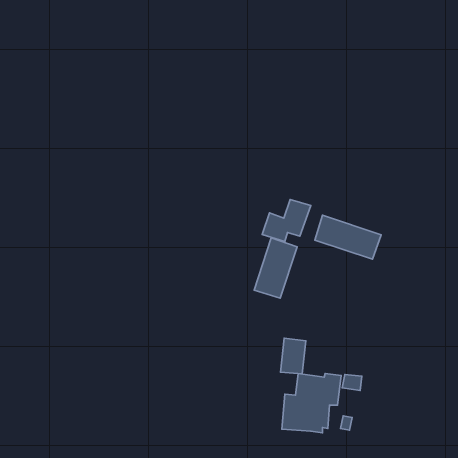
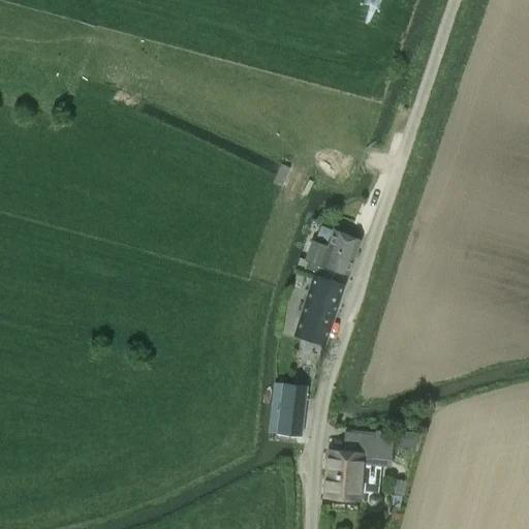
building: [315,215,381,259] -> none
building: [281,338,306,374] -> [276,394,305,435]

